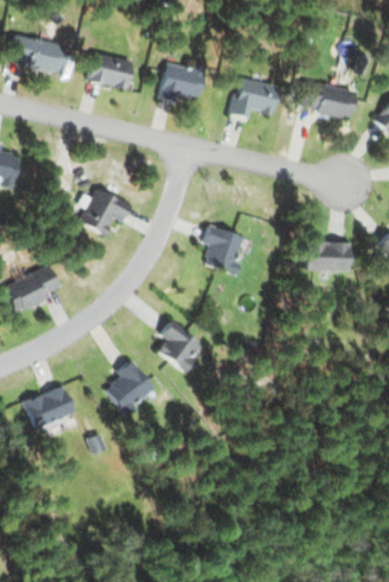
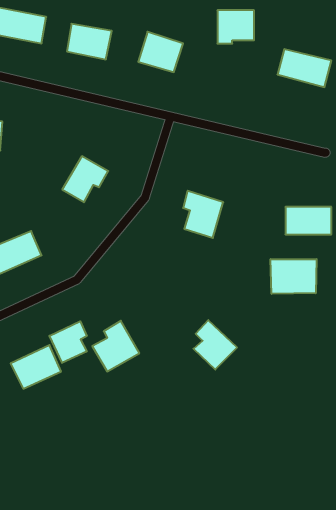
building: [238,82,276,116] -> [217,10,254,44]
building: none -> [271,259,317,294]
building: [160,319,205,370] -> [193,320,237,370]
building: none -> [49,321,87,363]

